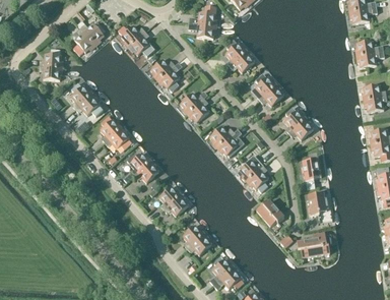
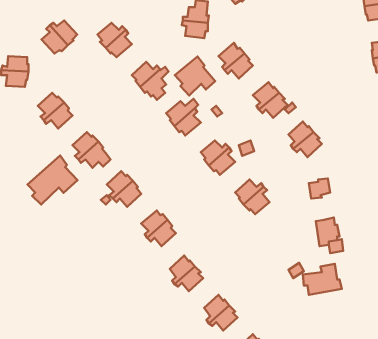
building: none -> [175,56,215,95]
building: none -> [27,156,77,205]
building: [255,200,283,227] -> none

